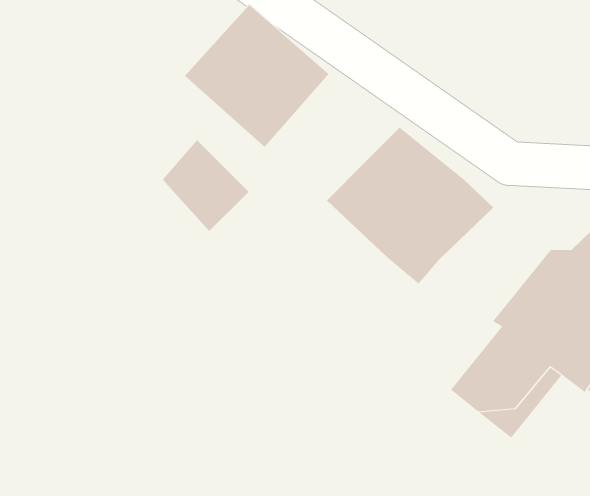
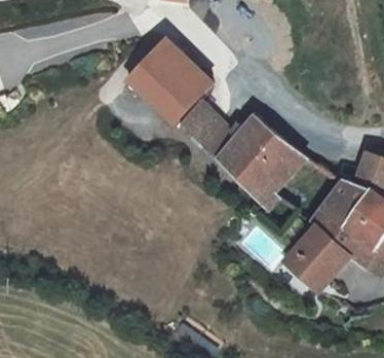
building: [162,139,249,232] -> [181,99,232,153]

